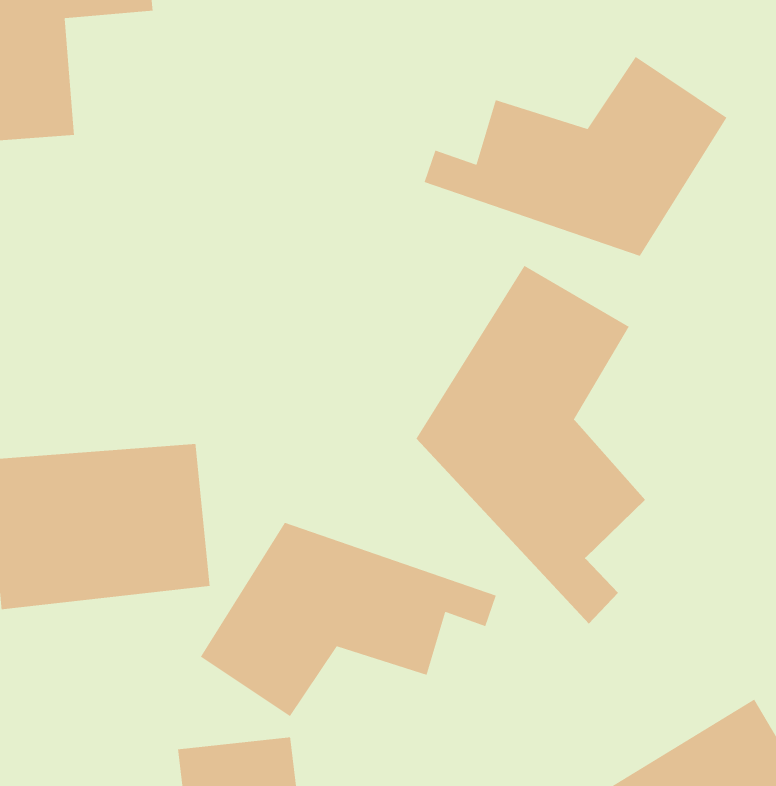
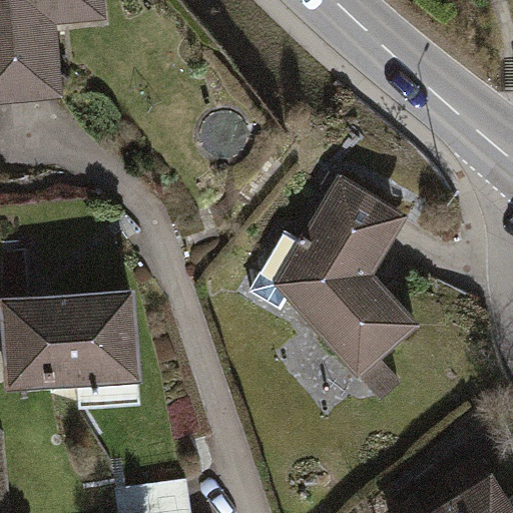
building: [423,56,728,257] -> none
building: [200,522,497,717] -> none

